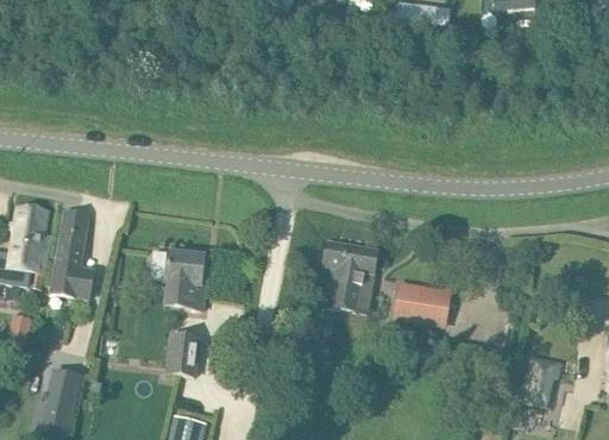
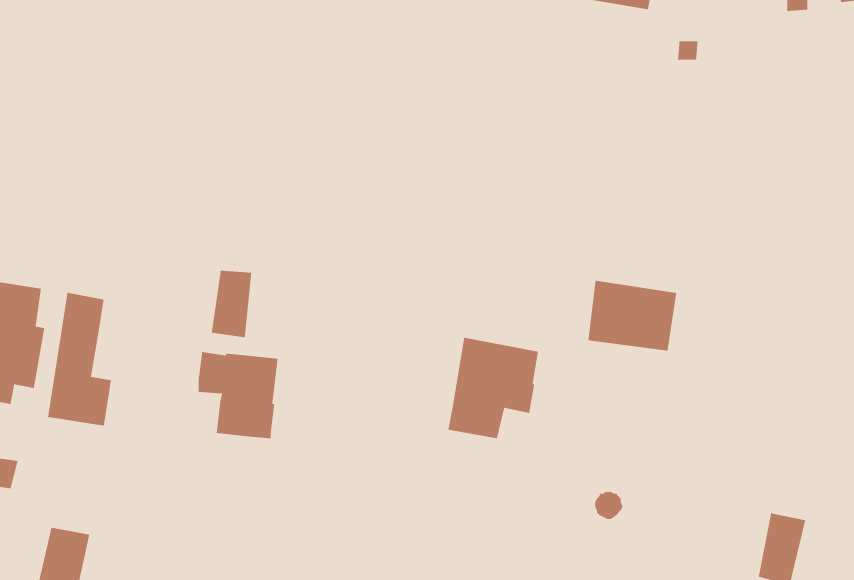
building: none -> [211,270,252,338]
building: [391,279,451,327] -> [588,280,677,352]
building: [167,335,200,377] -> none

